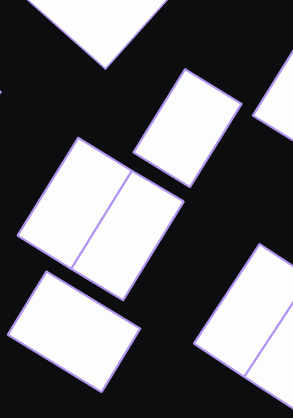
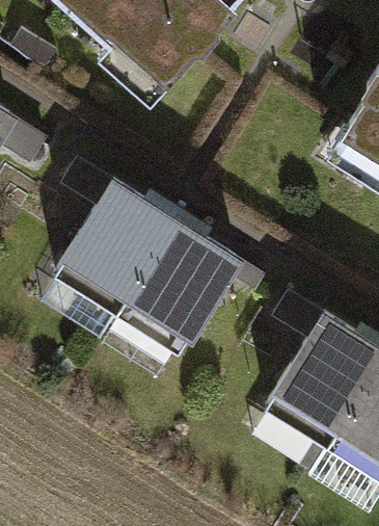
building: [134,69,242,187] -> none
building: [8,271,140,392] -> none

